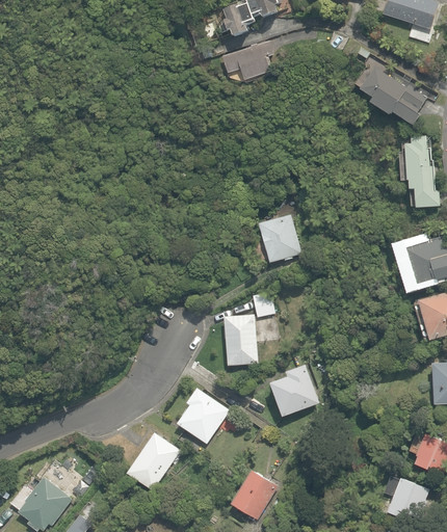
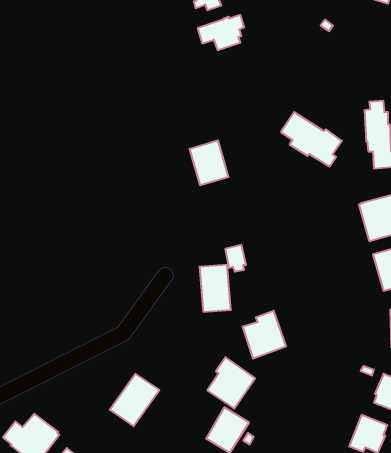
building: [359,68,425,127] -> [281,112,342,166]
building: [258,215,300,264] -> [189,140,229,185]
building: [177,387,229,443] -> [207,357,255,409]

